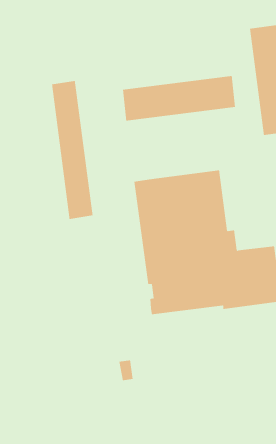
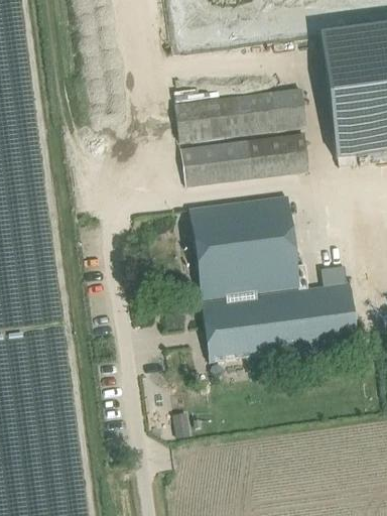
building: [51,80,93,220] -> none
building: none -> [182,131,310,183]

